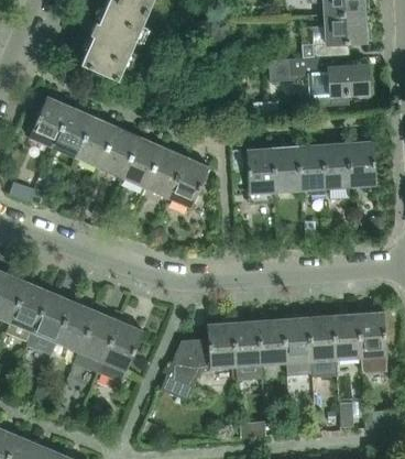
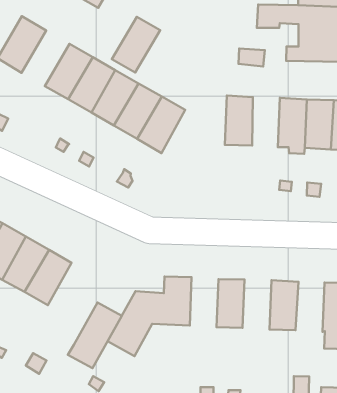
building: [53,107,95,159] -> [112,17,160,72]
building: [271,145,299,193] -> none
building: [332,313,360,360] -> none
building: [282,316,310,363] -> none
building: [97,320,143,382] -> [68,302,122,368]
building: [232,320,261,367] -> none

